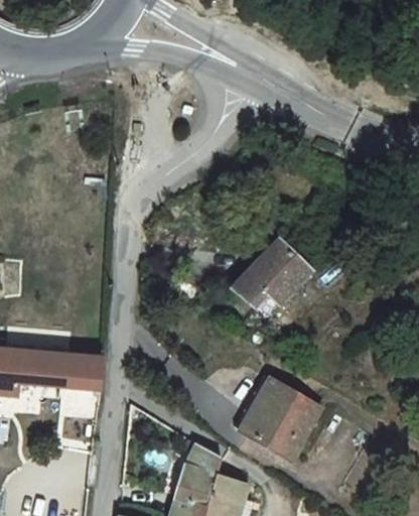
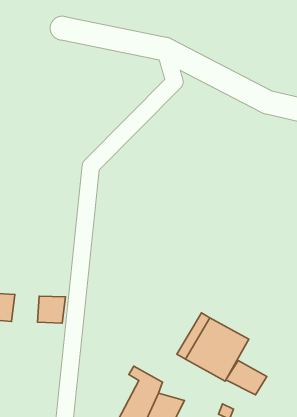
building: [233,239,312,304] -> none
building: [40,354,74,387] -> none
building: none -> [226,360,267,395]

